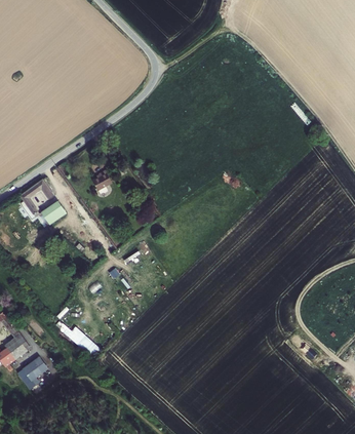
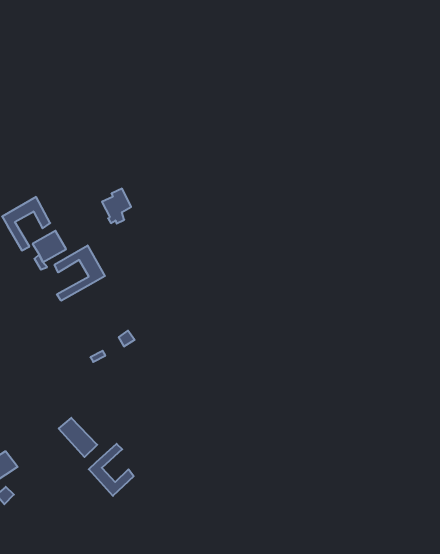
building: none -> [55,245,105,301]
building: none -> [89,444,134,496]

